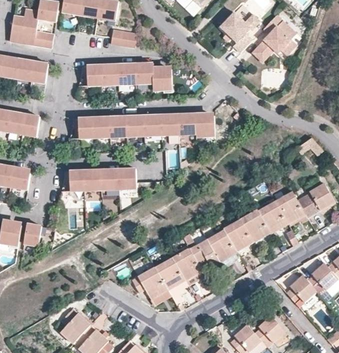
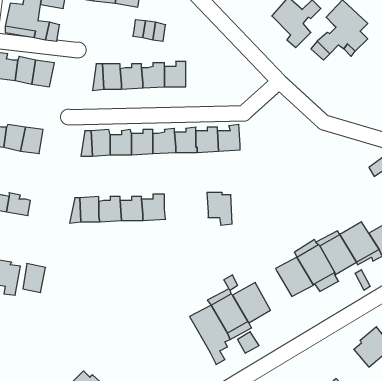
building: [153,68,172,93] -> none
building: [195,114,215,140] -> [207,192,232,225]
building: [208,230,238,261] -> none
building: [132,266,172,304] -> none

